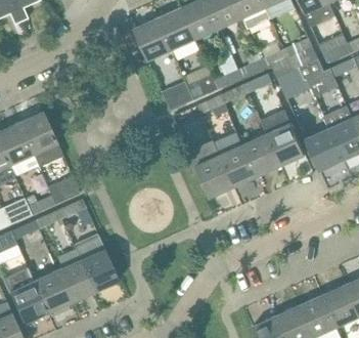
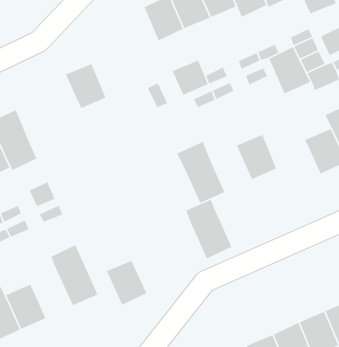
building: [134,18,172,60] -> [65,63,107,109]
building: [261,110,305,166] -> none
building: [214,132,257,187] -> [185,199,232,260]
building: [56,260,94,302] -> [106,260,148,306]

